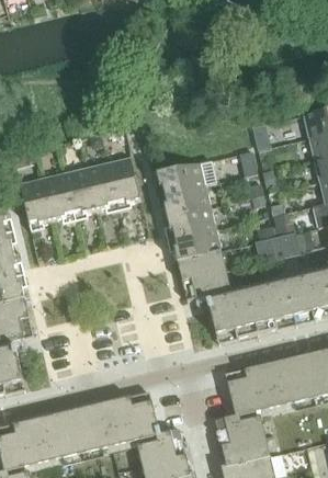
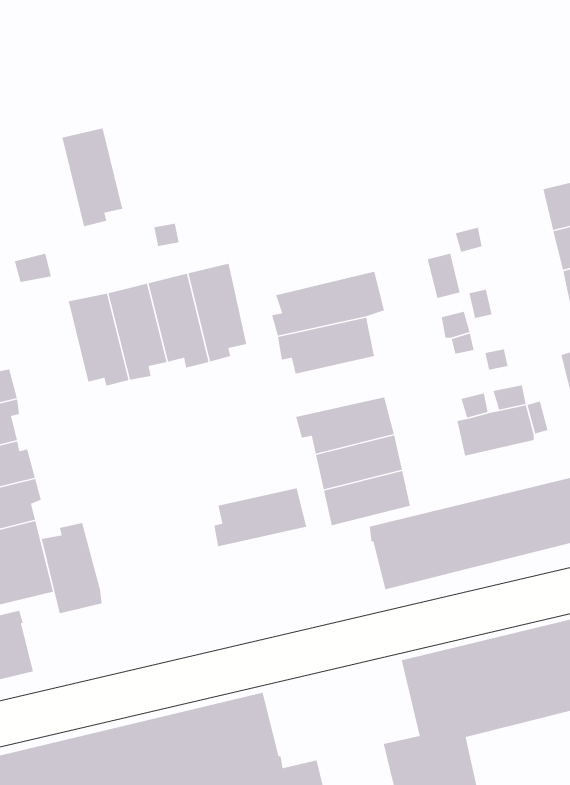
building: [19,174,53,229] -> [61,127,123,227]
building: [165,205,216,238] -> [213,487,307,547]
building: none -> [41,522,102,614]

